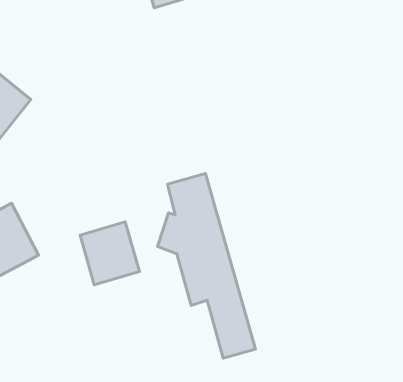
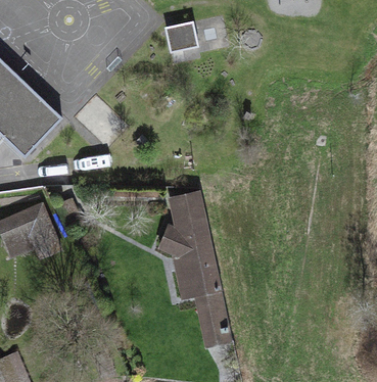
building: [80,222,139,285] -> none

